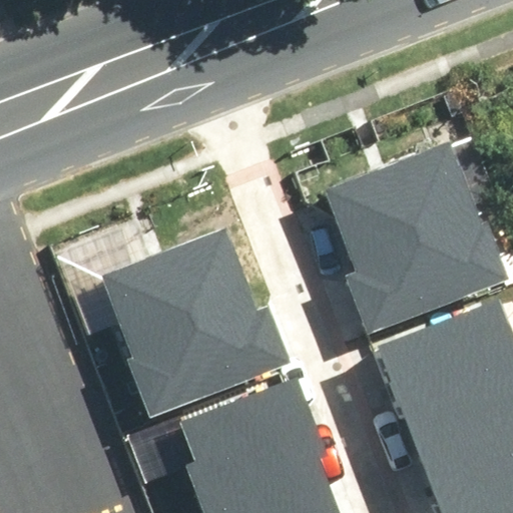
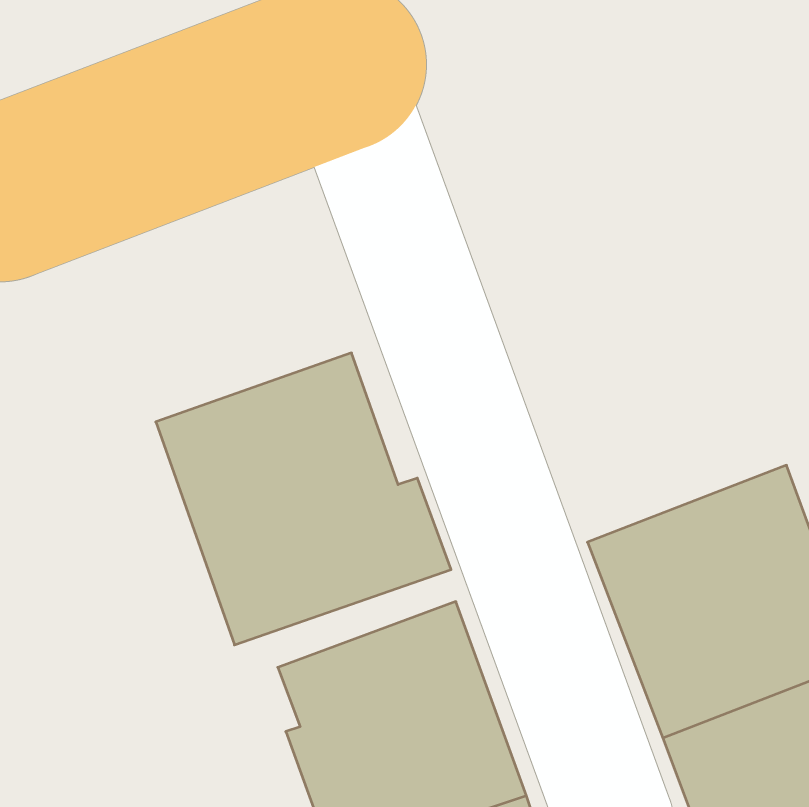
building: [331,143,502,330] -> none

